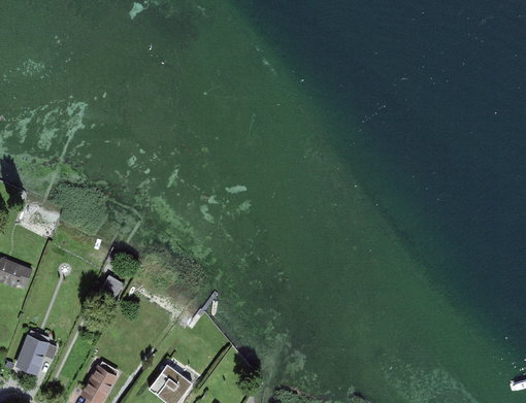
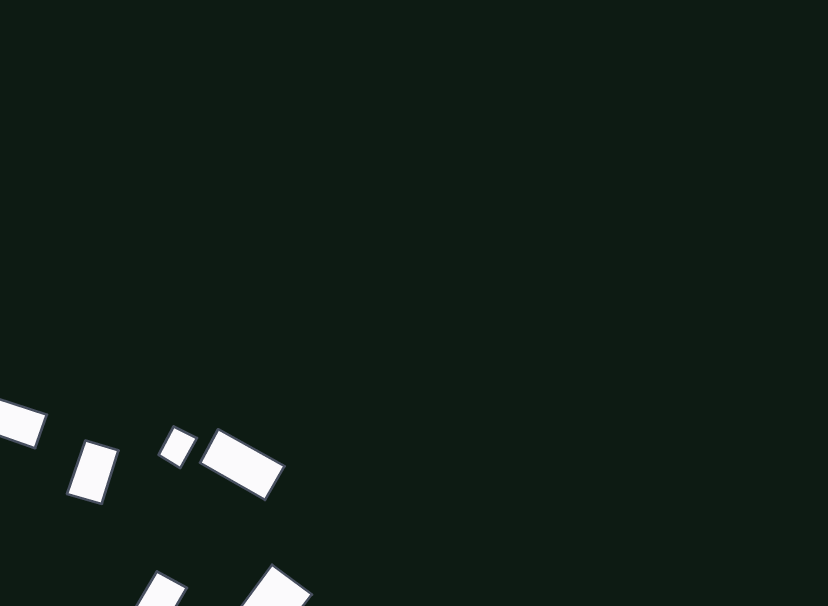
building: none -> [200,429,285,500]
building: [17,335,48,374] -> [67,441,119,504]

